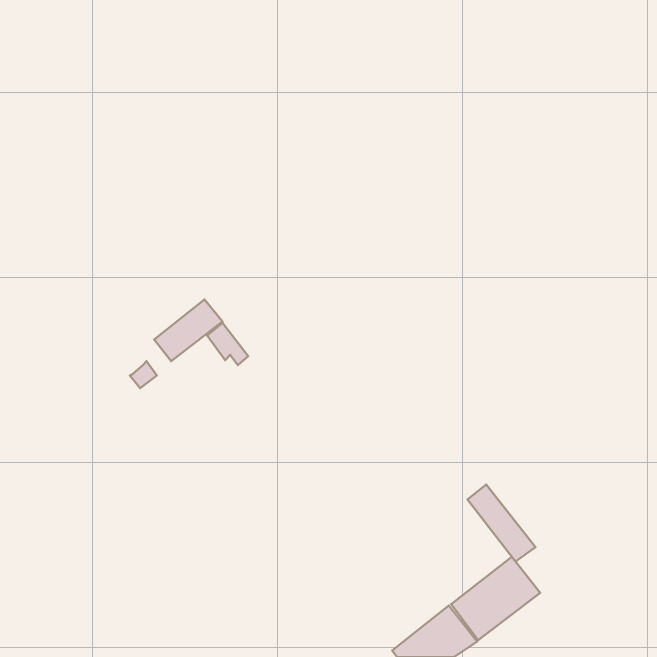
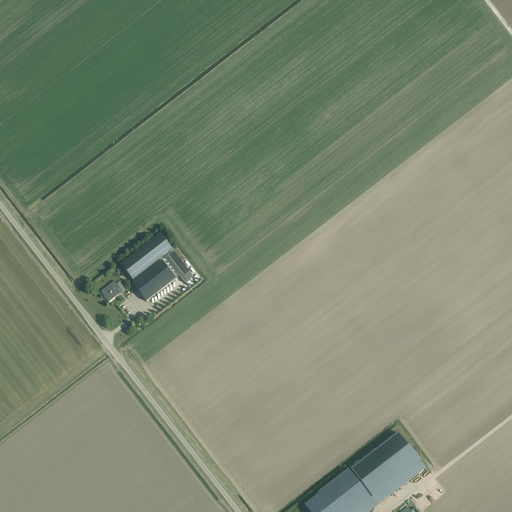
building: none -> [132,261,175,302]
building: [468,485,535,561] -> none

